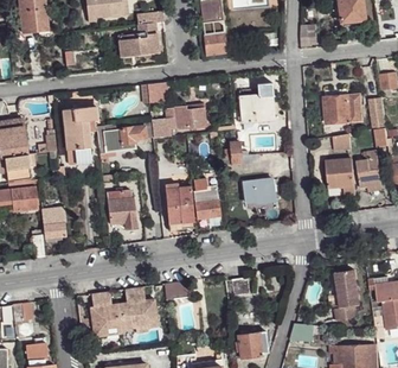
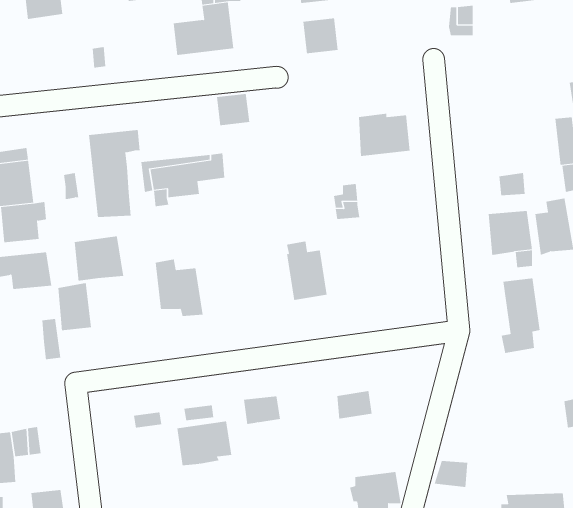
building: [325,95,362,123] -> none
building: [152,104,207,138] -> none
building: none -> [74,235,124,282]
building: [243,179,275,202] -> none
building: [166,185,194,223] -> none
building: [334,271,360,321] -> [501,278,540,354]
building: [91,303,121,330] -> none

